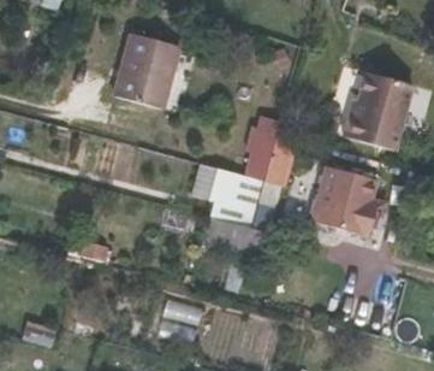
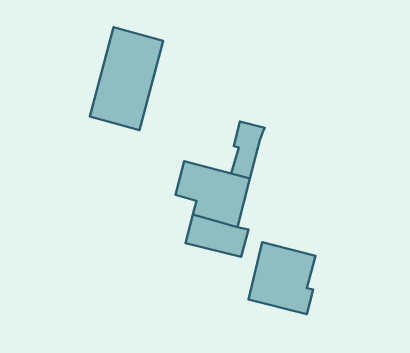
building: [345,71,414,149] -> none
building: [313,165,377,235] -> [249,242,316,314]

